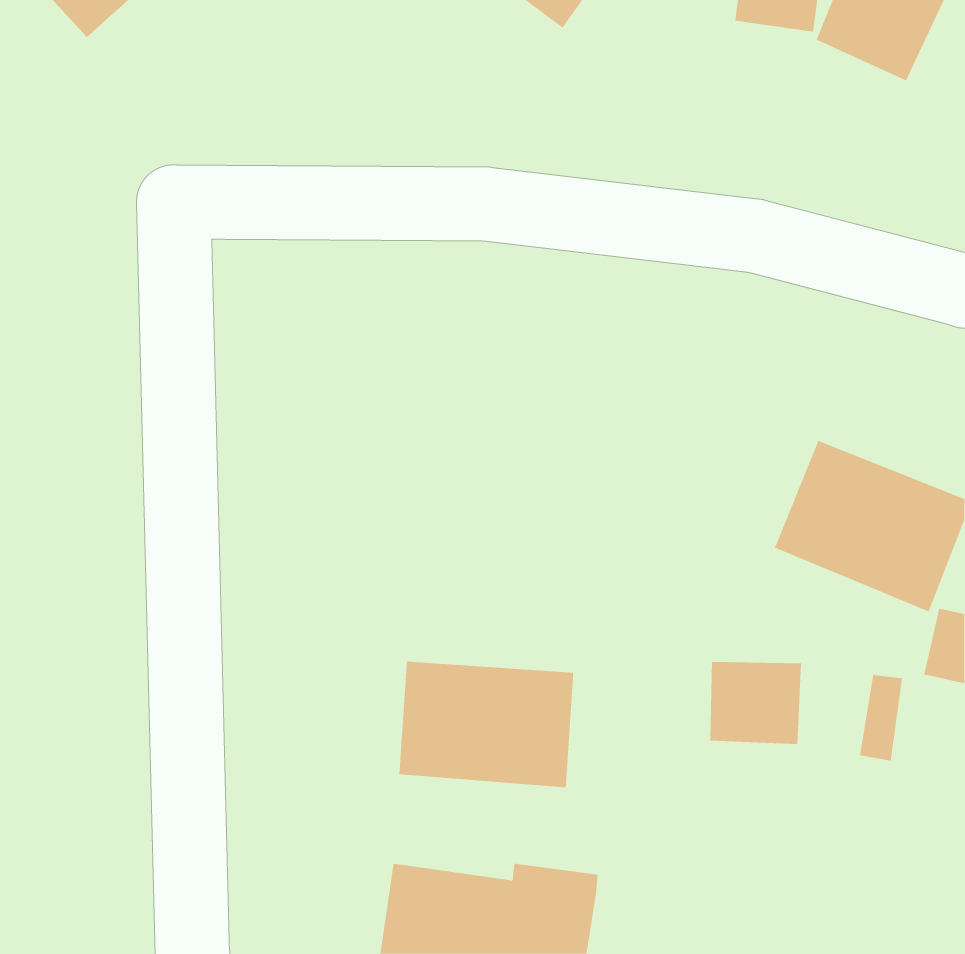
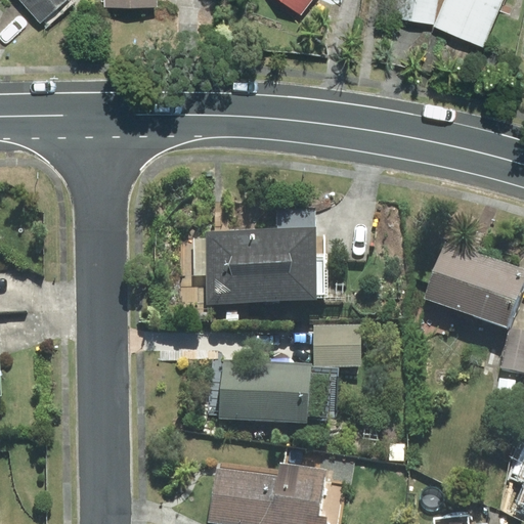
building: none -> [205,228,325,305]
building: [709,661,802,744] -> [311,322,361,367]

